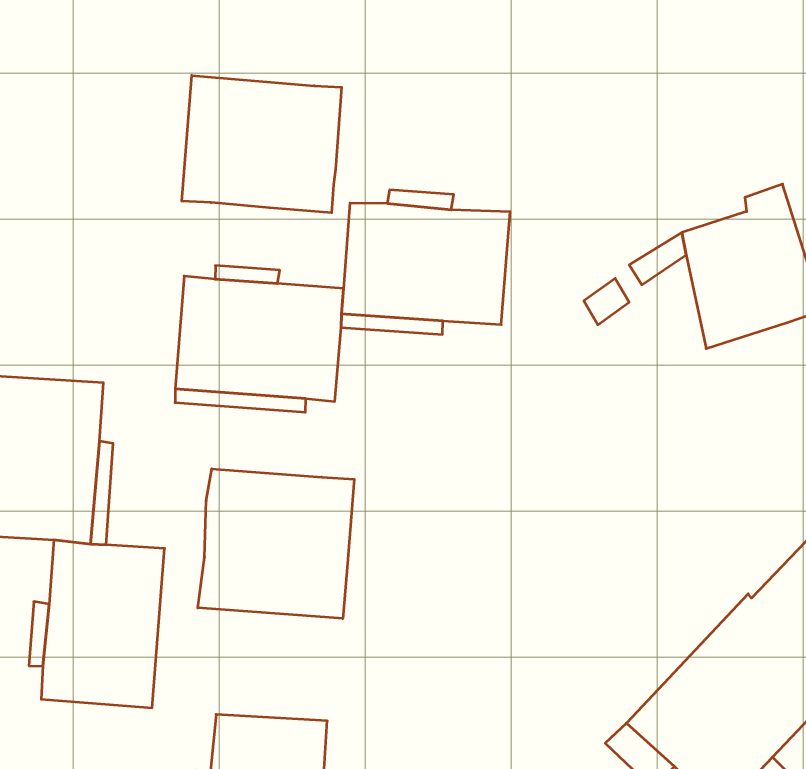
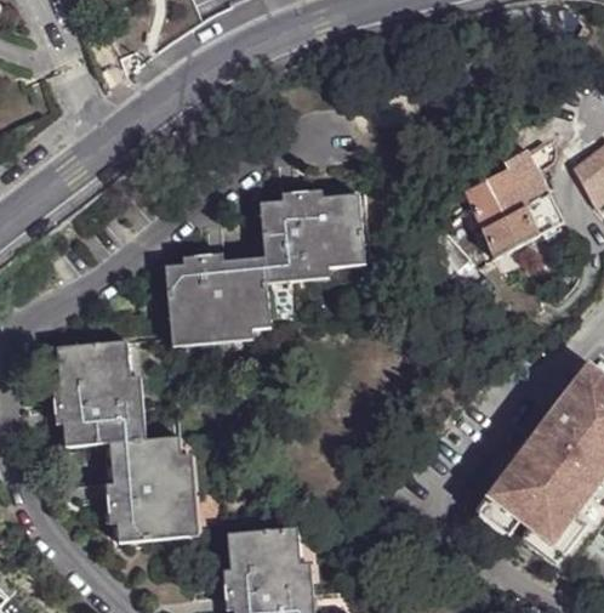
building: [182,75,342,213] -> none
building: [198,469,354,619] -> none

